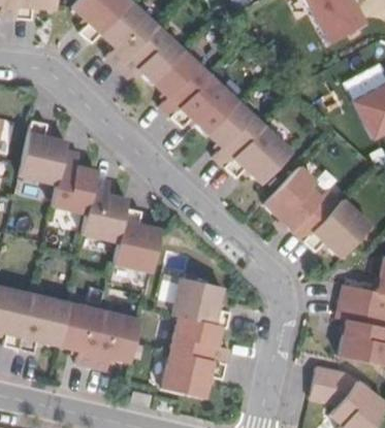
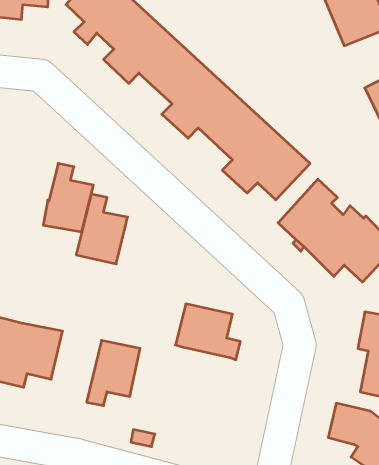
building: [21,121,68,185] -> none
building: [115,208,162,271] -> none
building: [60,302,105,366] -> none
building: [162,317,230,398] -> none

